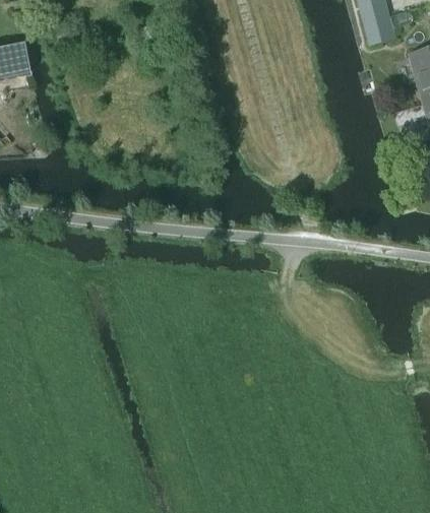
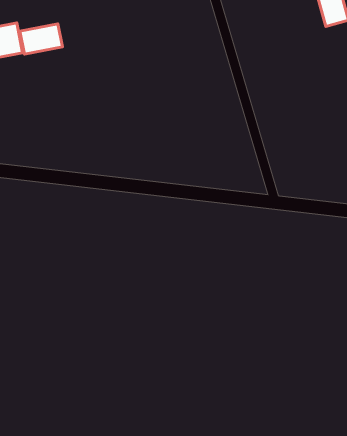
building: none -> [20,24,63,54]

